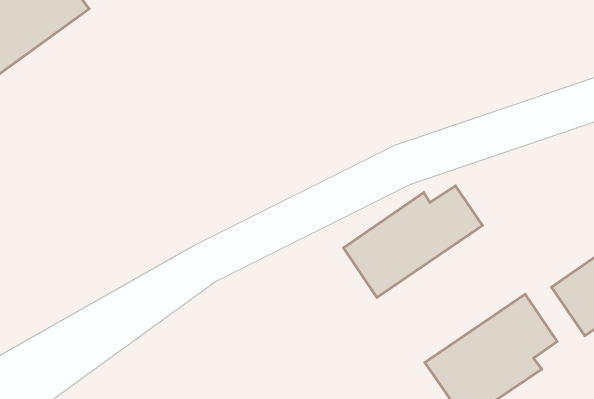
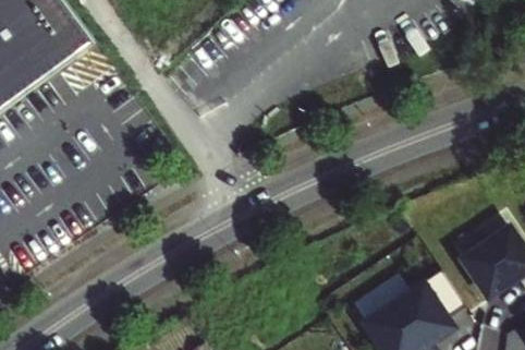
building: [344,186,483,297] -> none

